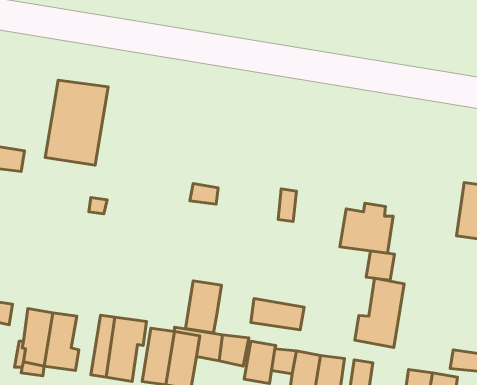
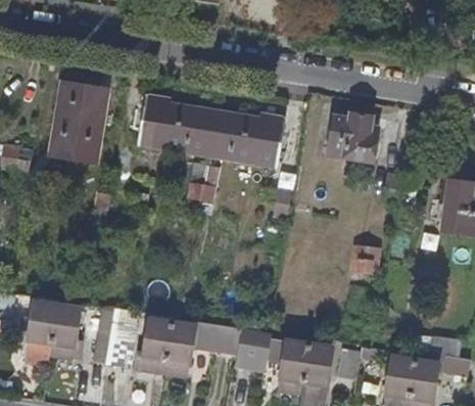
building: none -> [138,97,285,168]
building: [340,203,393,253] -> [323,114,373,161]
building: [355,278,404,347] -> none
building: [185,281,221,333] -> none
building: [251,299,304,330] -> none

